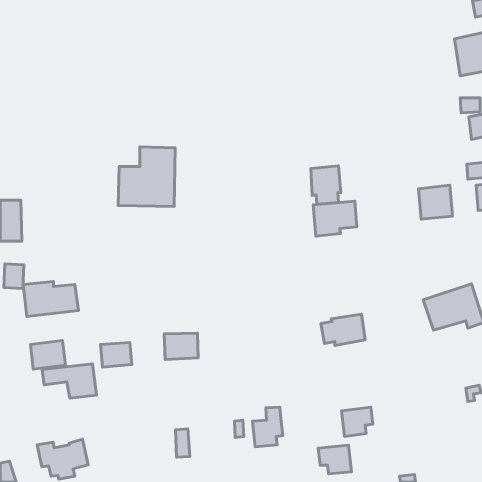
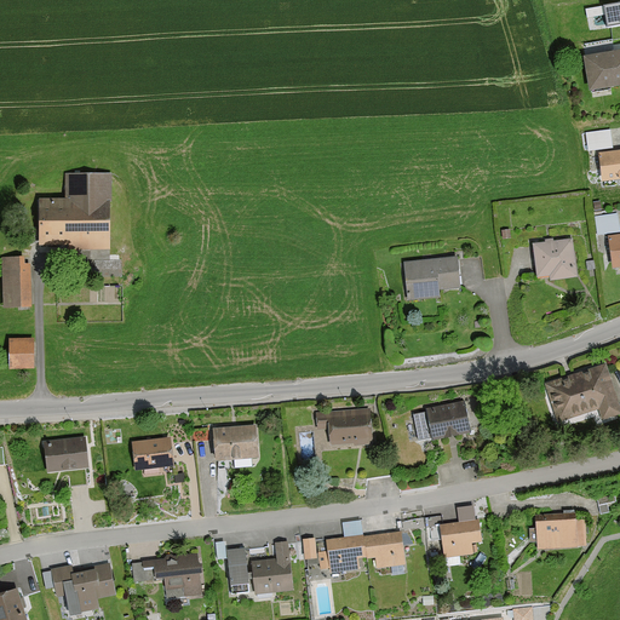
building: [118,147,175,206] -> [38,173,110,249]
building: [311,166,341,204] -> none
building: [23,282,78,316] -> none
building: none -> [317,408,372,444]
building: [42,364,96,398] -> [132,553,201,597]
building: none -> [535,512,584,549]
building: none -> [252,540,292,591]
building: [318,445,351,474] -> [362,530,404,567]

